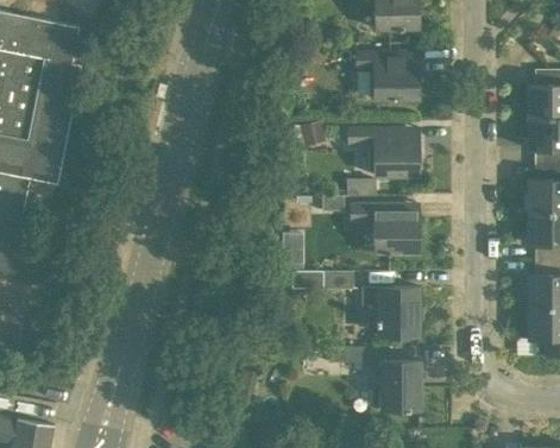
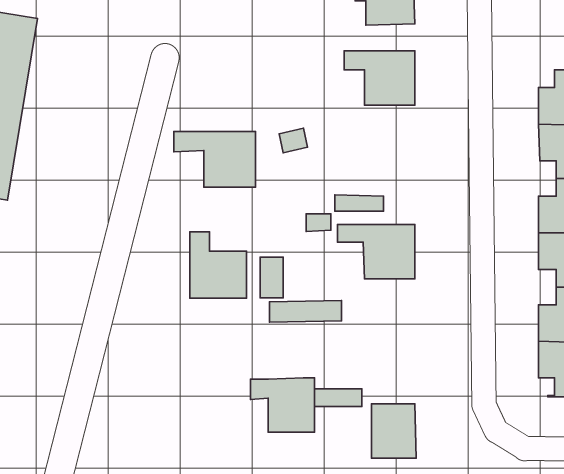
building: [347,127,419,176] -> [174,131,255,187]
building: none -> [190,232,246,298]
building: [363,286,419,334] -> [251,378,314,432]

